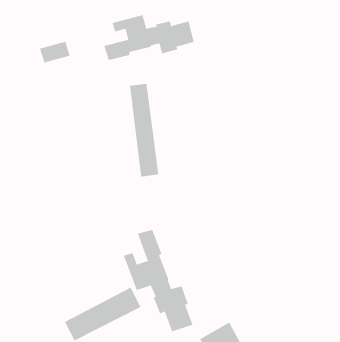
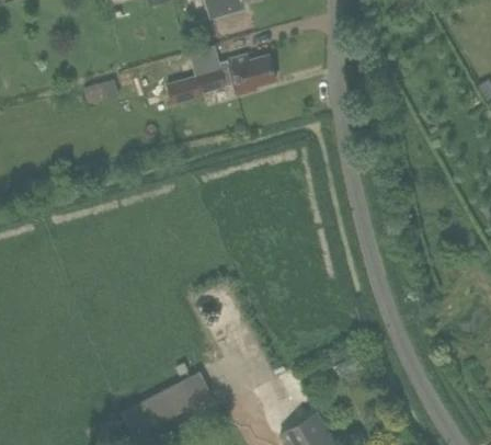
building: [130,83,159,178] -> none
building: [123,229,193,332] -> none

